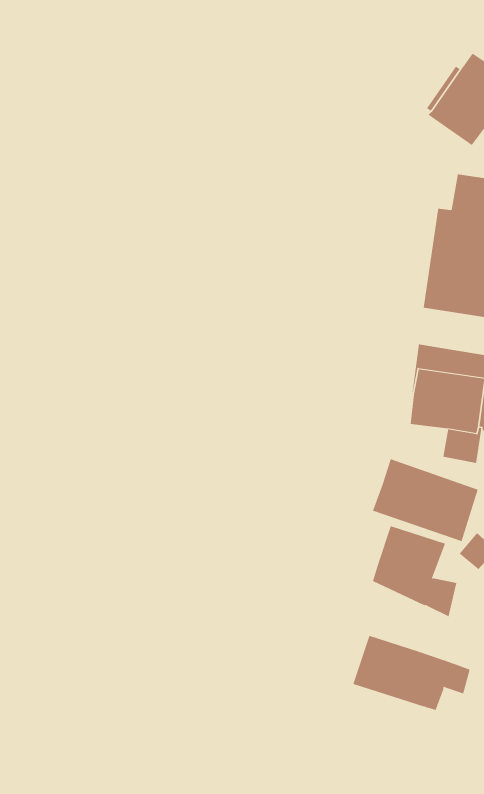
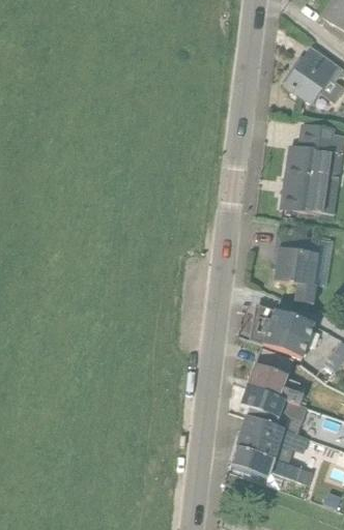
building: none -> [239,381,307,433]
building: none -> [229,446,313,490]

